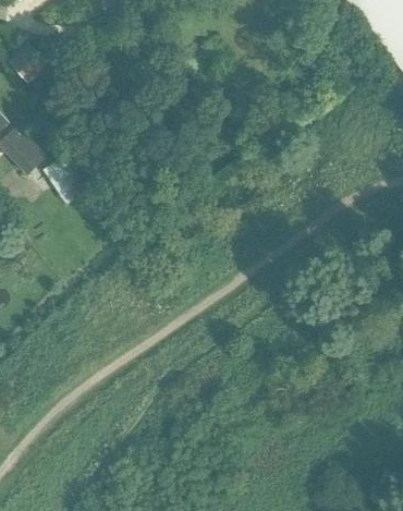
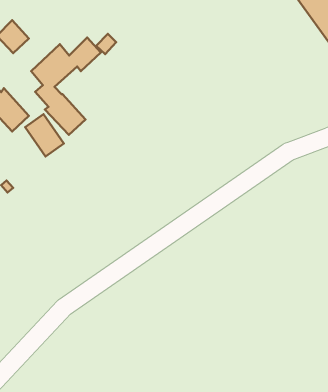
building: none -> [31,38,101,135]

